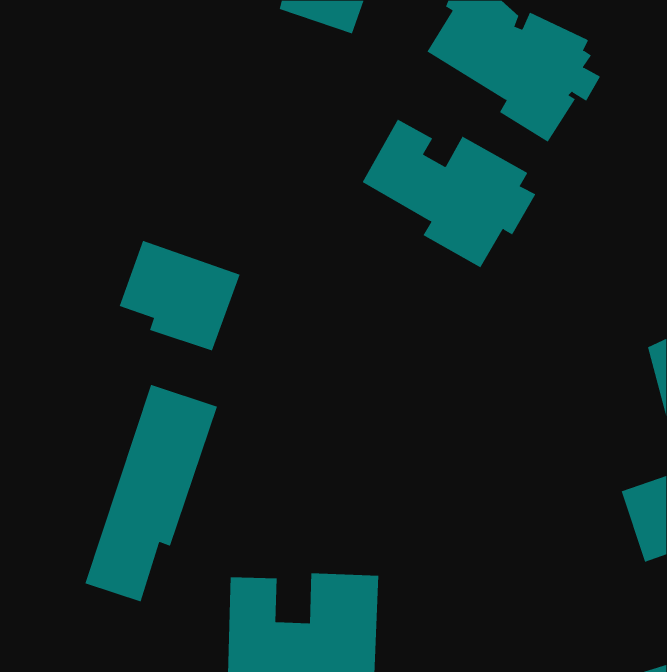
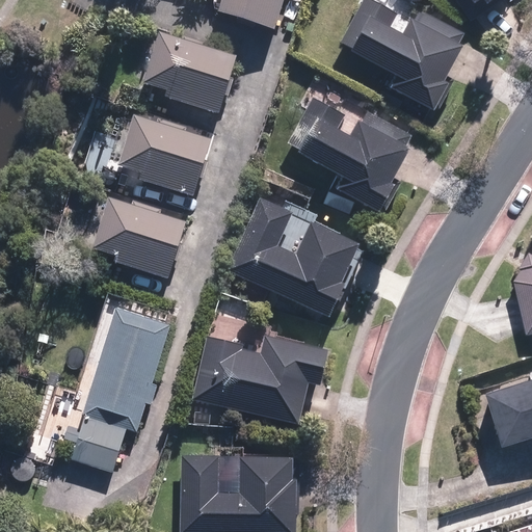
building: none -> [133,33,231,117]
building: none -> [121,112,214,196]
building: none -> [231,195,358,314]
building: none -> [191,332,332,423]

